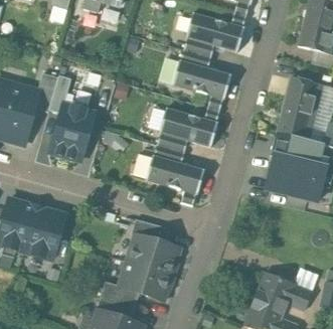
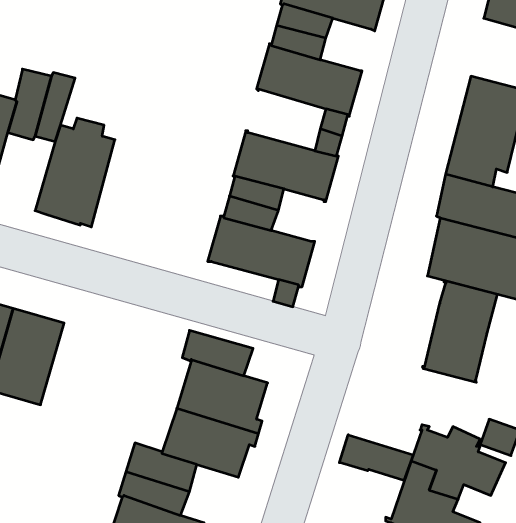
building: none -> [423,281,498,382]
building: none -> [339,435,413,480]

